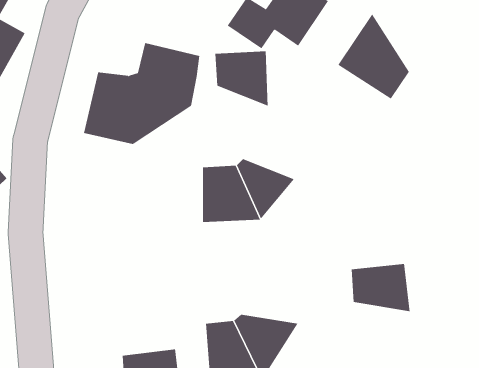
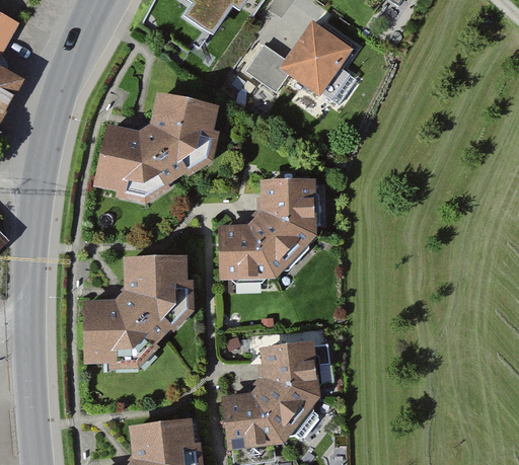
building: [338,14,409,99] -> none
building: [215,51,268,106] -> [260,176,317,236]
building: none -> [83,252,183,361]
building: [351,264,410,312] -> [257,339,321,391]

